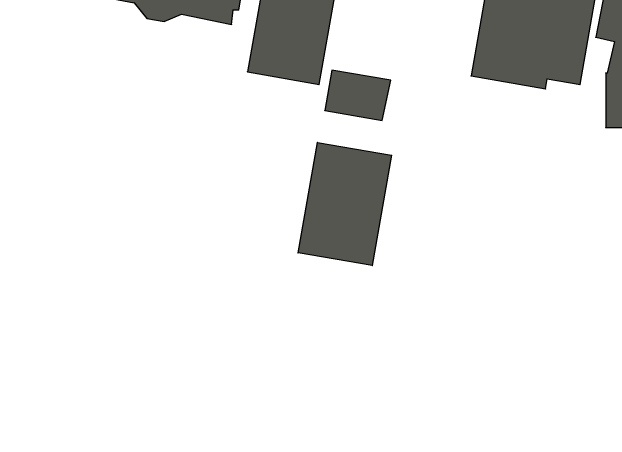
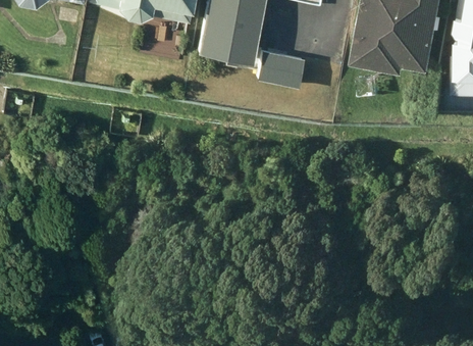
building: [298,142,392,266] -> none

